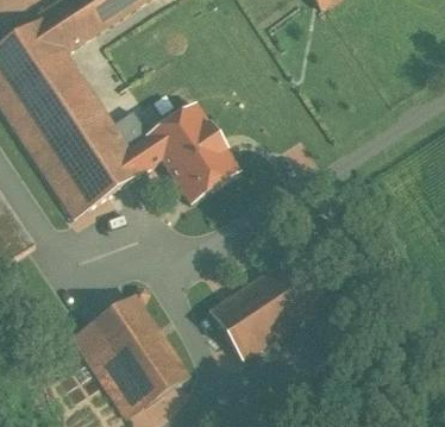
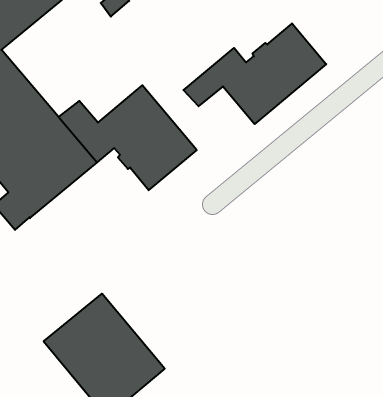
building: none -> [183,23,326,124]
building: [208,252,327,359] -> none

